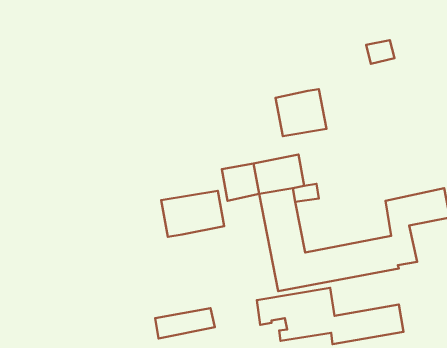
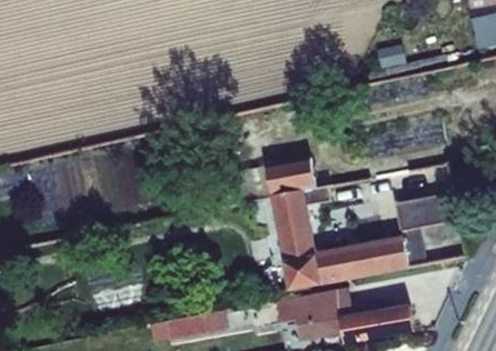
building: [276,89,326,136] -> none
building: [161,191,224,237] -> none

